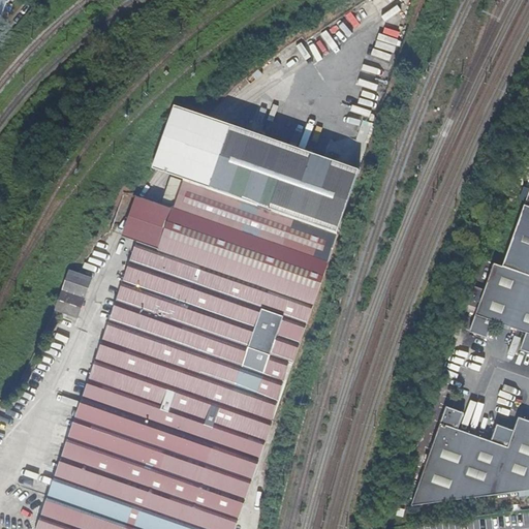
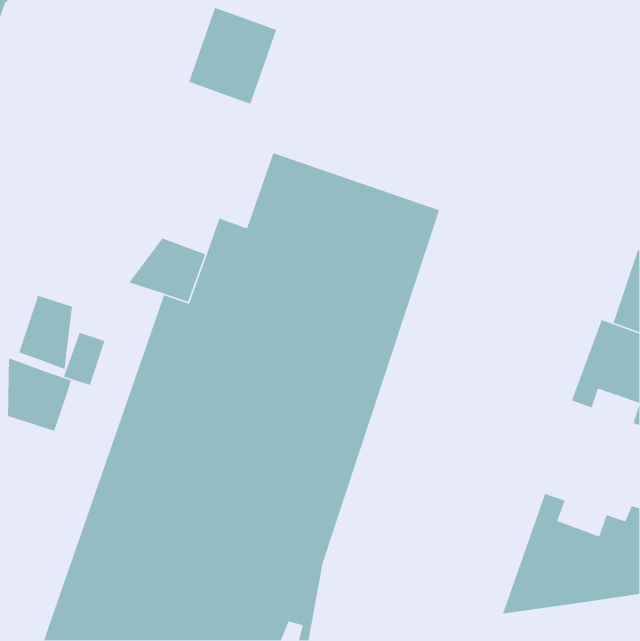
building: [151,106,224,187] -> [188,7,277,105]
building: none -> [18,295,73,370]
building: none -> [7,357,72,432]

